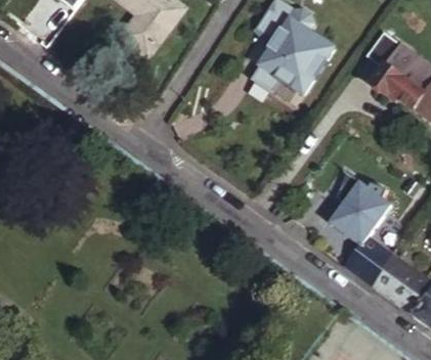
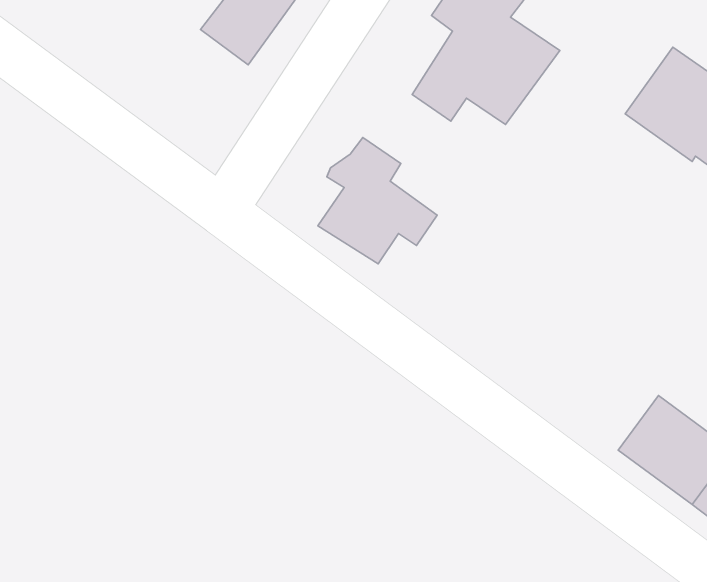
building: none -> [318,138,437,264]
building: [330,169,393,282] -> none

